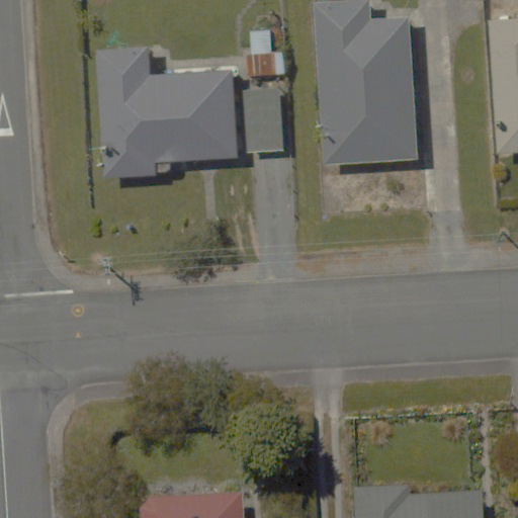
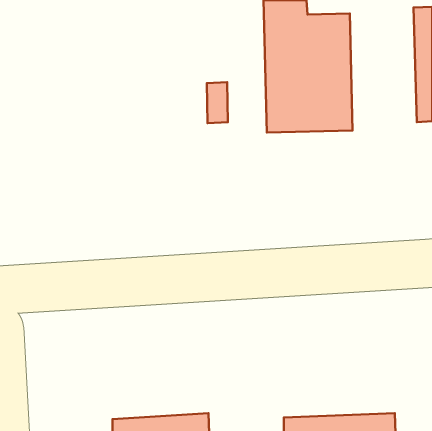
building: [98,50,226,171] -> none

